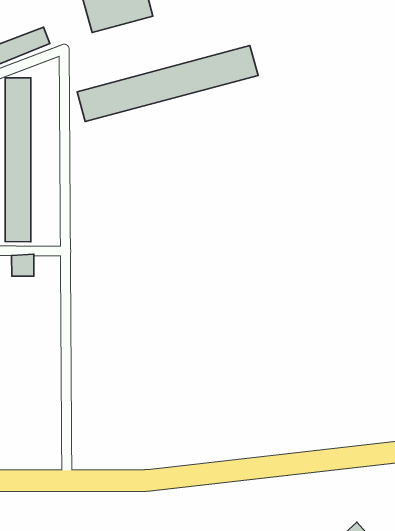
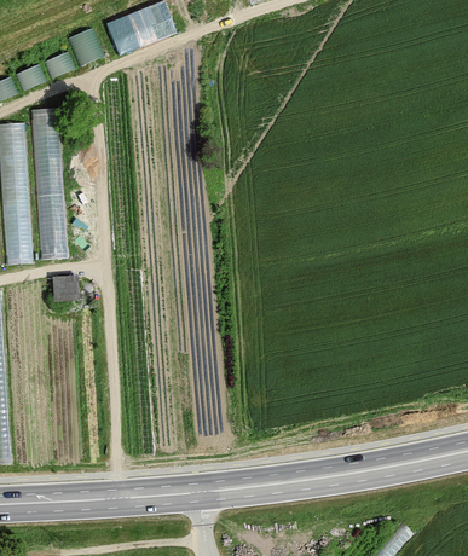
building: none -> [69,28,104,65]
building: [77,46,258,122] -> none

